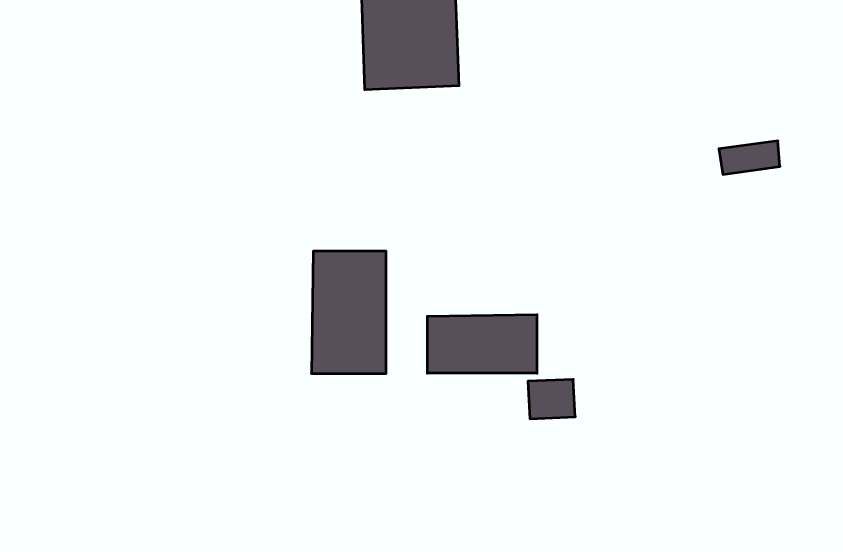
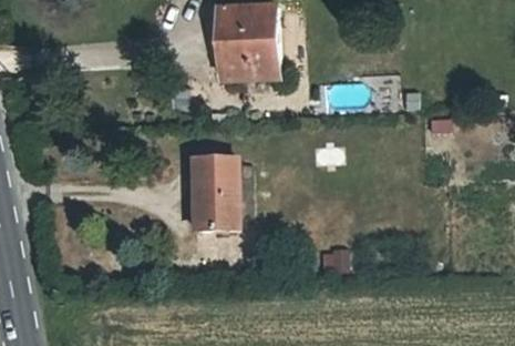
building: [427,315,537,373] -> none

